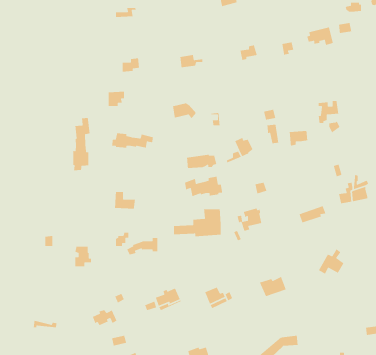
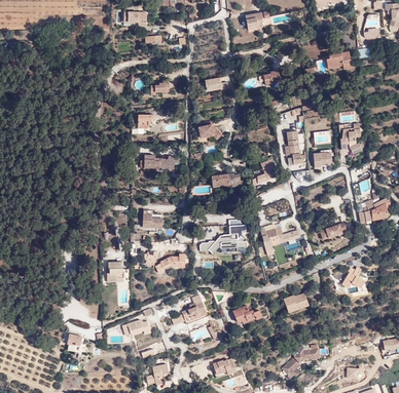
building: [72,117,91,171] -> none
building: [184,176,223,197] -> none

